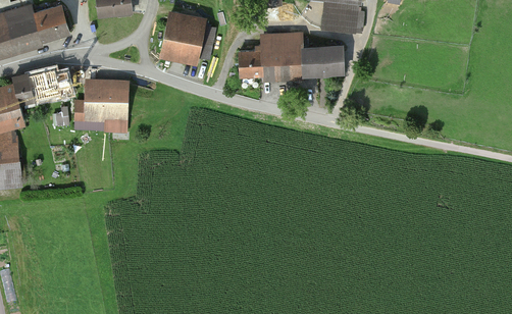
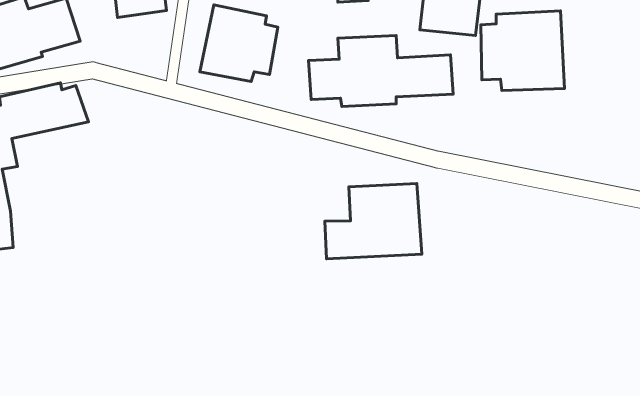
building: none -> [481,11,565,91]
building: [72,77,131,133] -> none
building: none -> [325,184,422,259]

